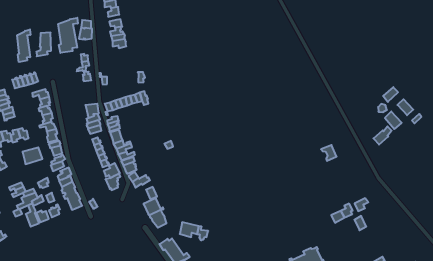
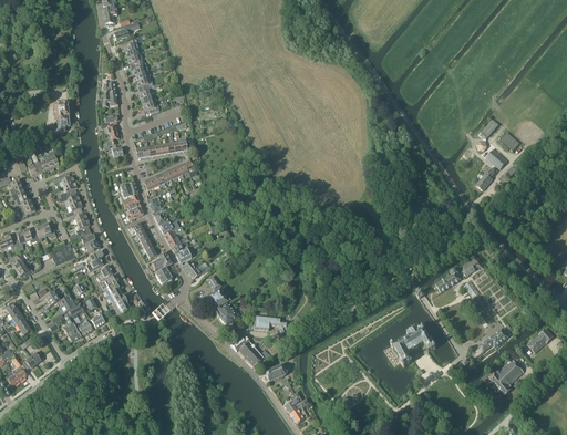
building: [58,18,78,53] -> none
building: [17,29,30,62] -> none

